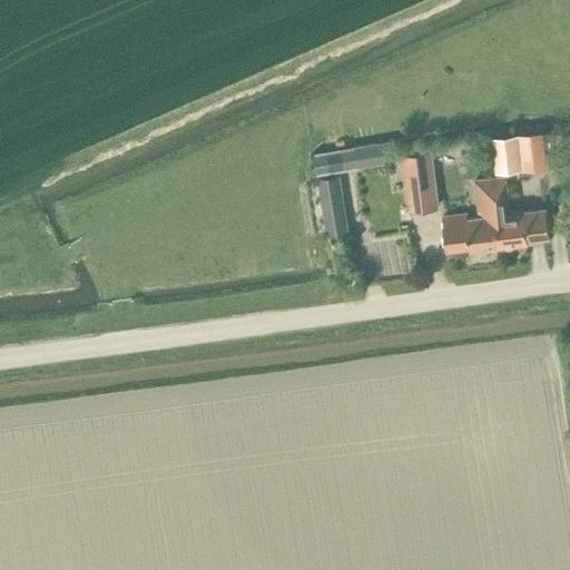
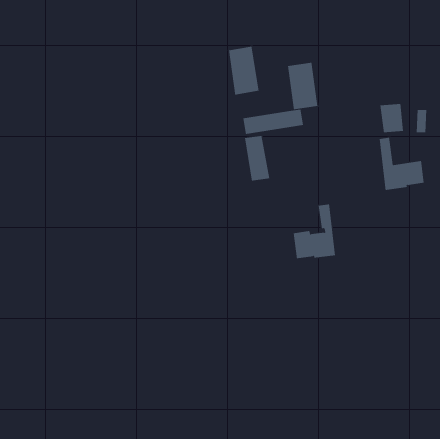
building: none -> [229,46,259,95]
building: [399,153,439,214] -> [287,62,318,110]
building: [441,181,497,253] -> [293,204,336,259]

